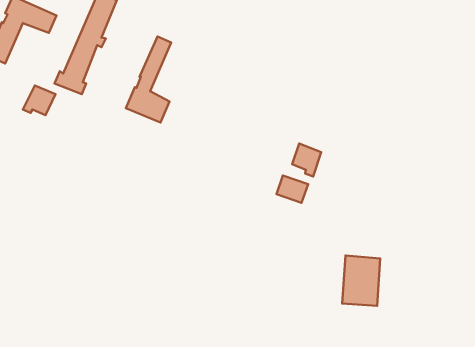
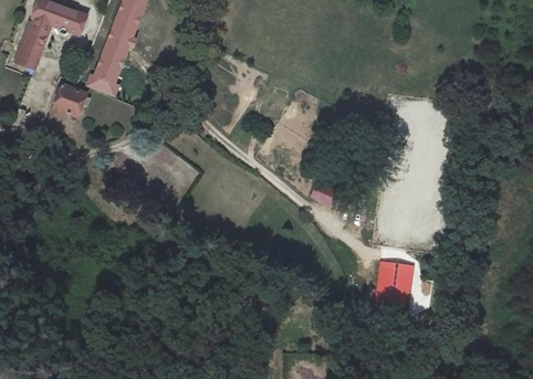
building: [126,37,171,122] -> none
building: [292,143,321,177] -> none

